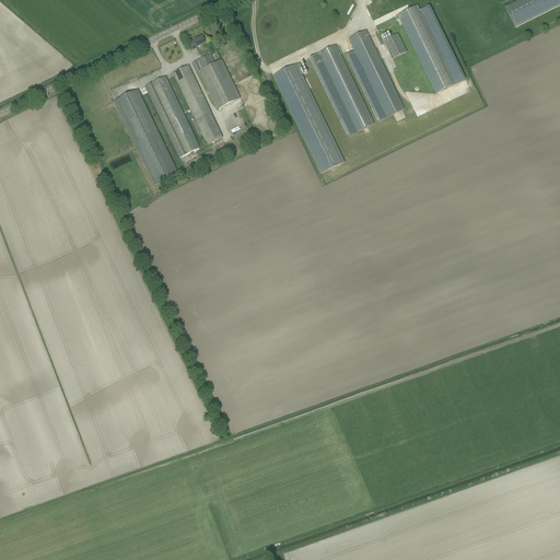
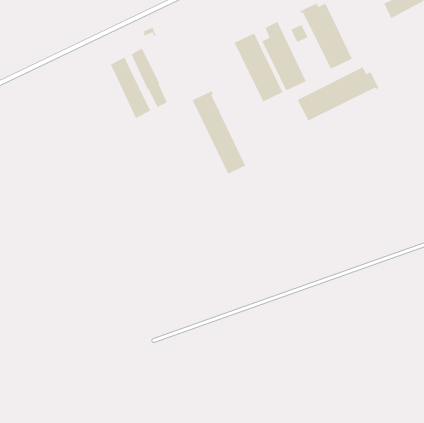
building: [190,52,240,107] -> none
building: [271,60,343,172] -> [191,90,246,175]
building: none -> [297,66,380,122]
building: [113,88,177,184] -> none

